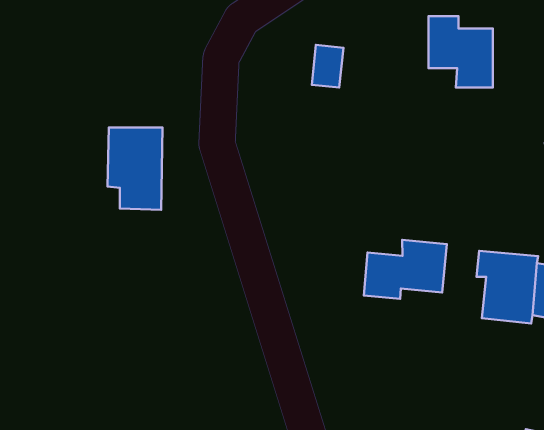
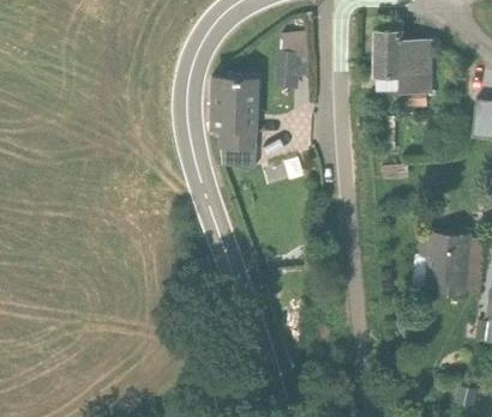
building: [108,128,162,210] -> [209,78,257,150]
building: [364,240,447,299] -> none

